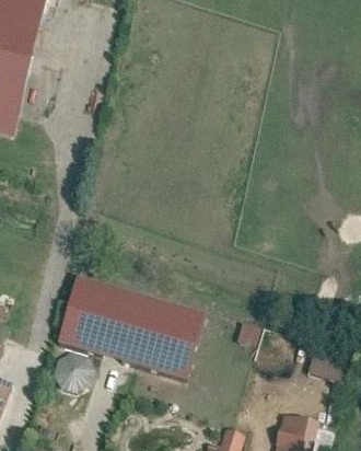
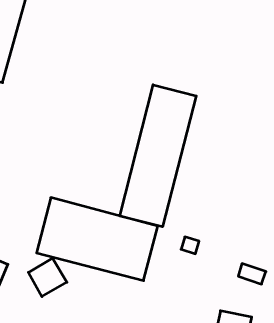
building: none -> [120,85,196,227]

